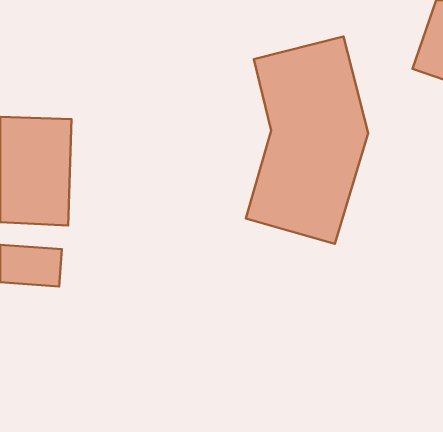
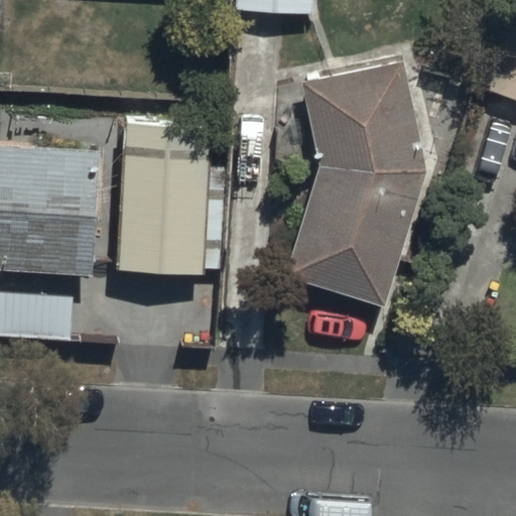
building: none -> [119,126,225,276]

